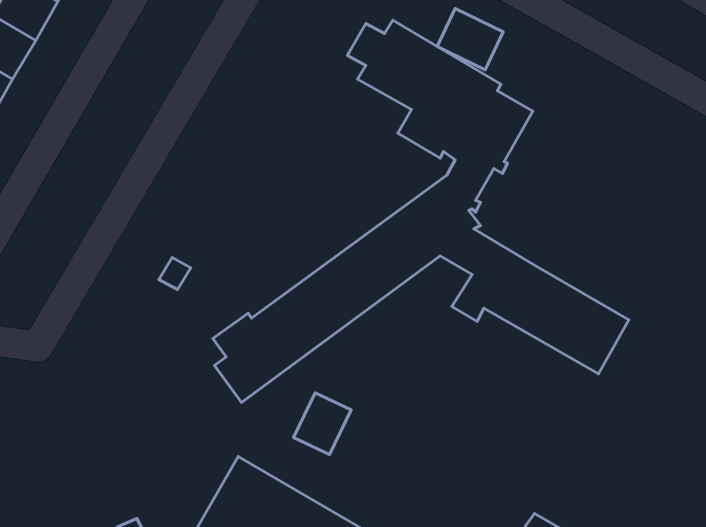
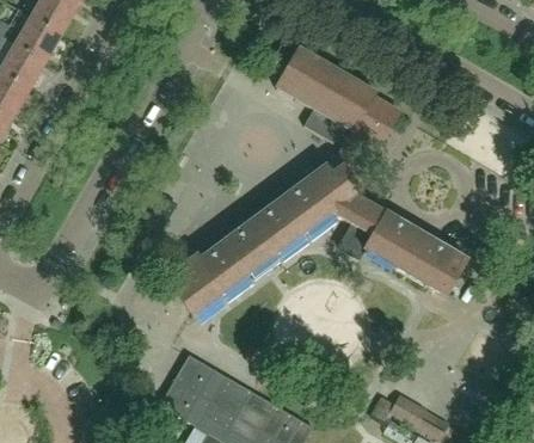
building: [437,8,503,70] -> none
building: [294,393,351,455] -> none

